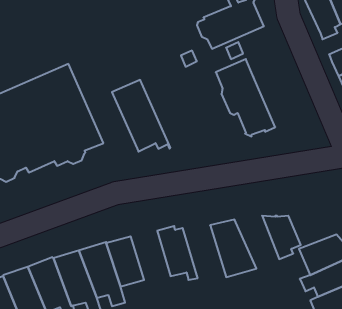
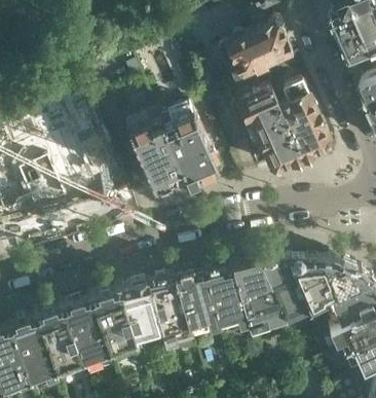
building: none -> [278,89,329,169]
building: none -> [158,111,217,191]
building: none -> [258,265,306,323]
building: none -> [316,265,369,300]
building: none -> [201,274,249,334]
building: none -> [145,282,188,350]

